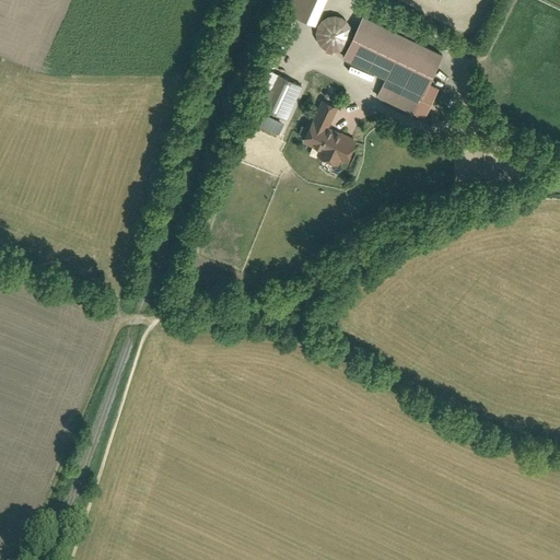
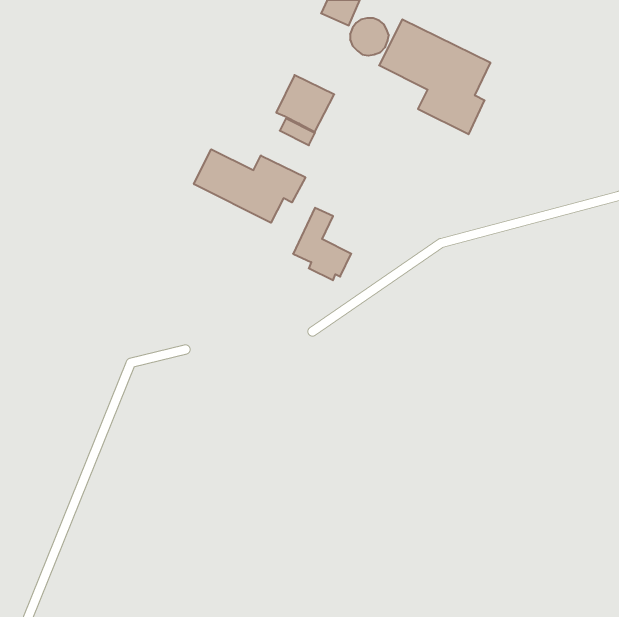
building: [301,100,353,165] -> [293,208,351,280]
building: none -> [194,149,305,223]

